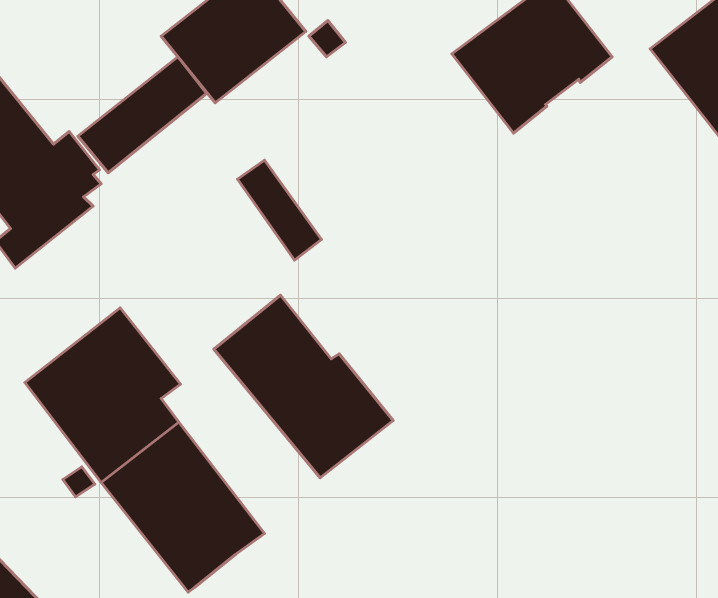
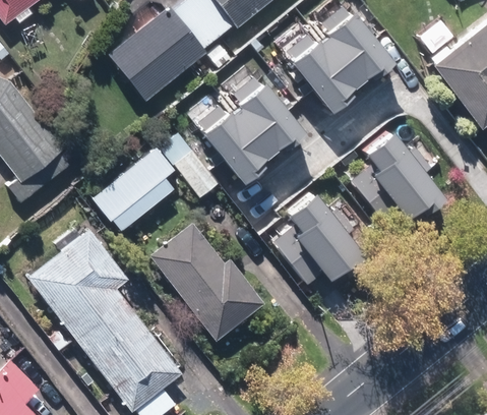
building: [78,57,207,173] -> [98,150,180,224]
building: none -> [201,77,307,188]
building: none -> [356,137,452,238]
building: none -> [278,197,368,287]

